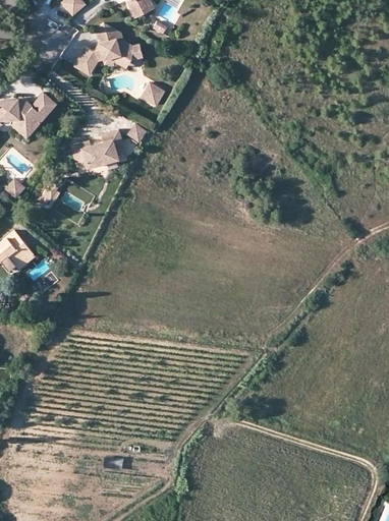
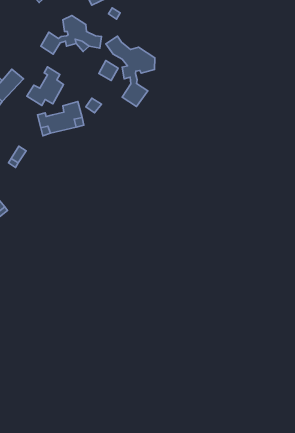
building: none -> [106,36,155,106]
building: none -> [27,67,63,106]

